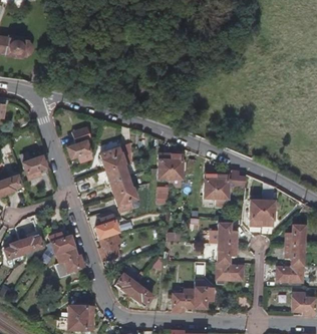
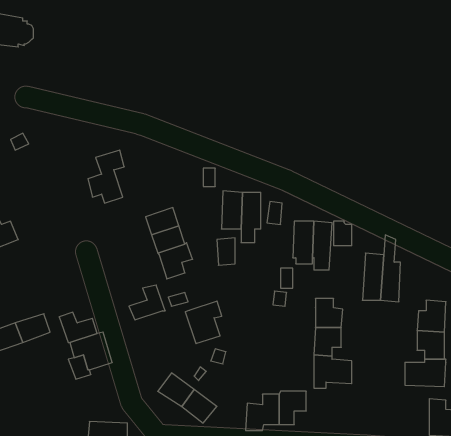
building: [101,143,134,170] -> none
building: [23,150,47,178] -> none
building: [97,232,121,260] -> [185,301,222,344]

